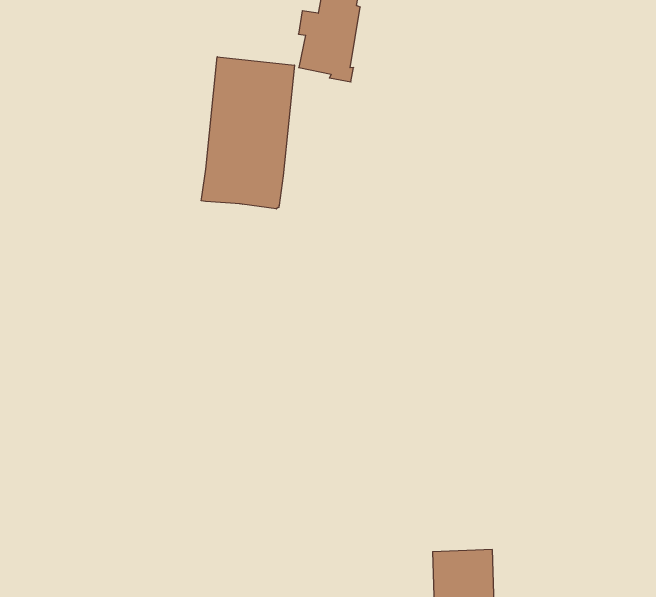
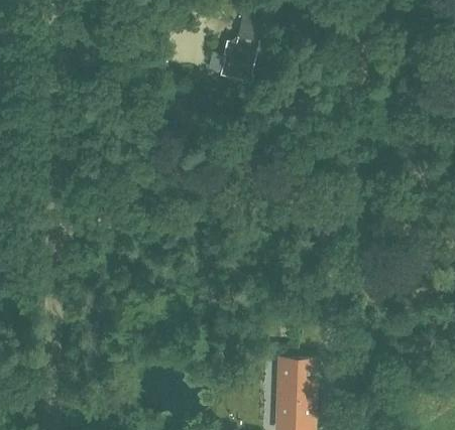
building: [201,57,294,209] -> none

